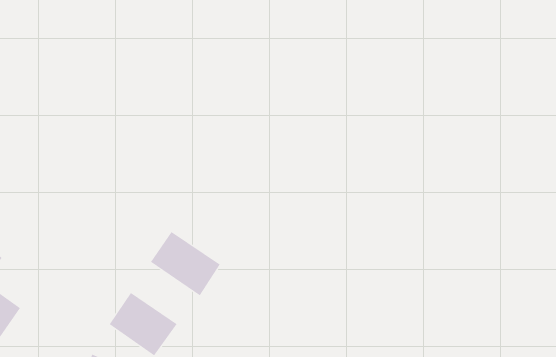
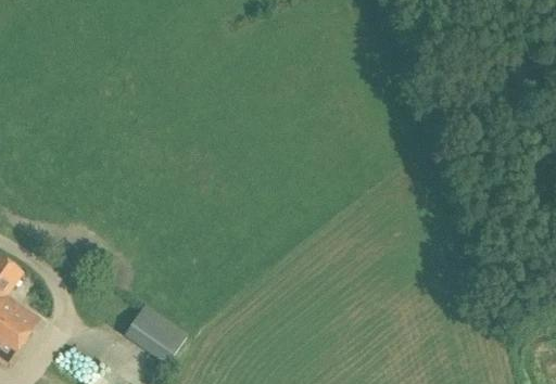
building: [150,231,221,296] -> none

